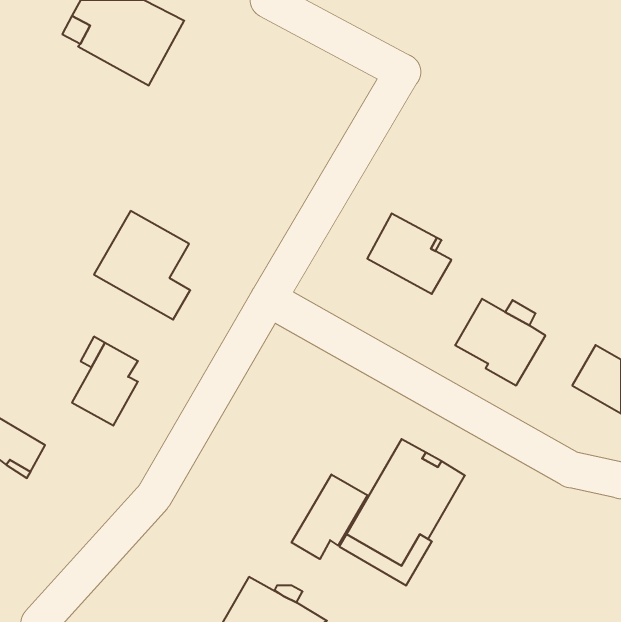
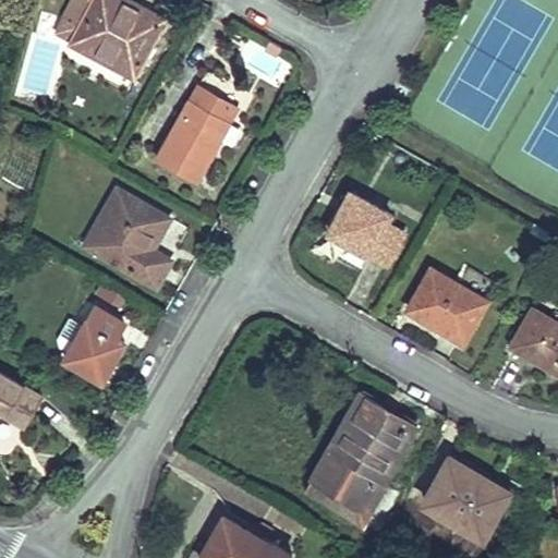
building: none -> [156,86,235,183]
building: [292,474,367,559] -> none
building: none -> [423,458,508,536]

